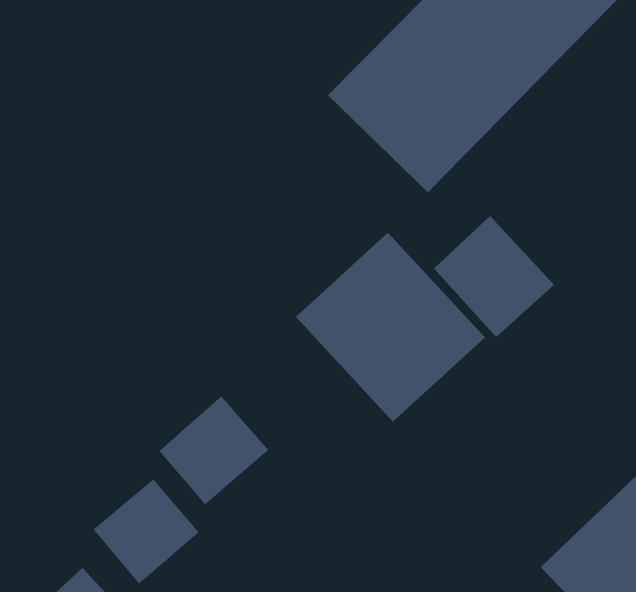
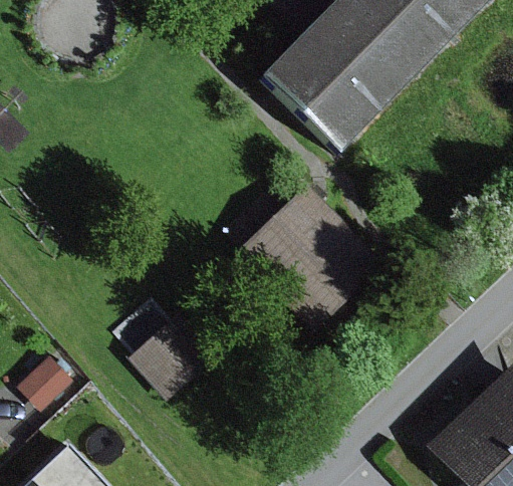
building: [433,215,555,338] -> none
building: [93,479,200,585] -> none

